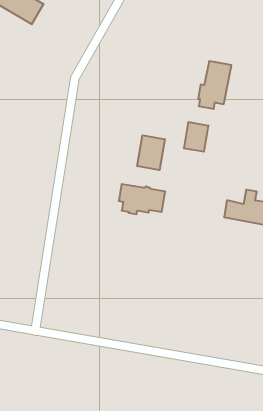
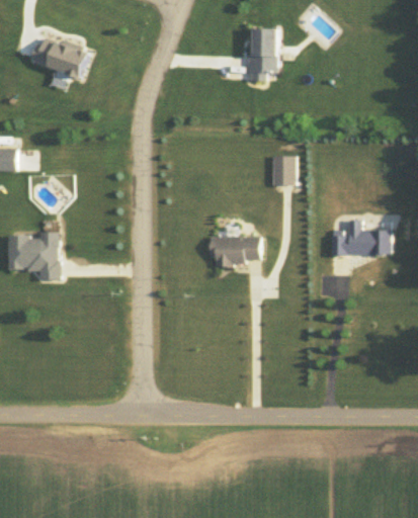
building: [198,61,231,109] -> [247,28,277,80]
building: [137,135,165,170] -> none

